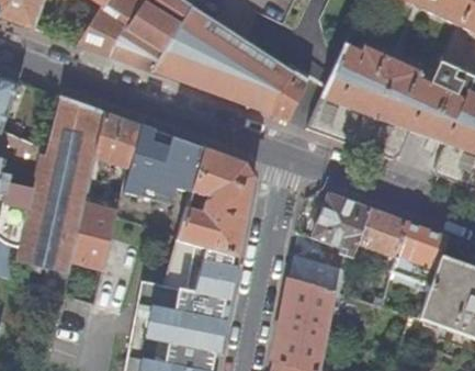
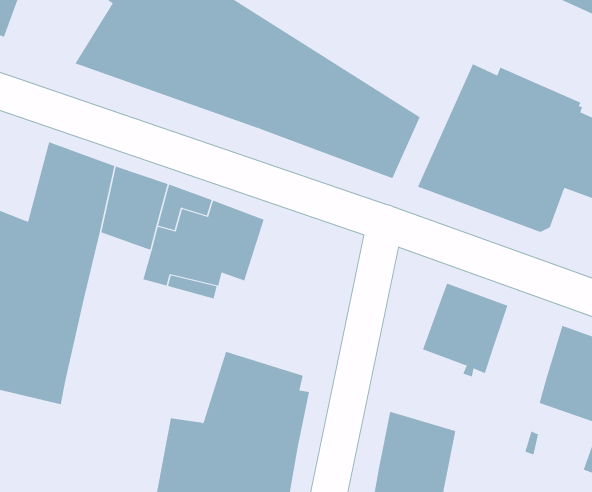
building: [180,149,255,256] -> none
building: [72,204,120,271] -> none
building: [359,207,407,257] -> none
building: [291,256,350,294] -> none

